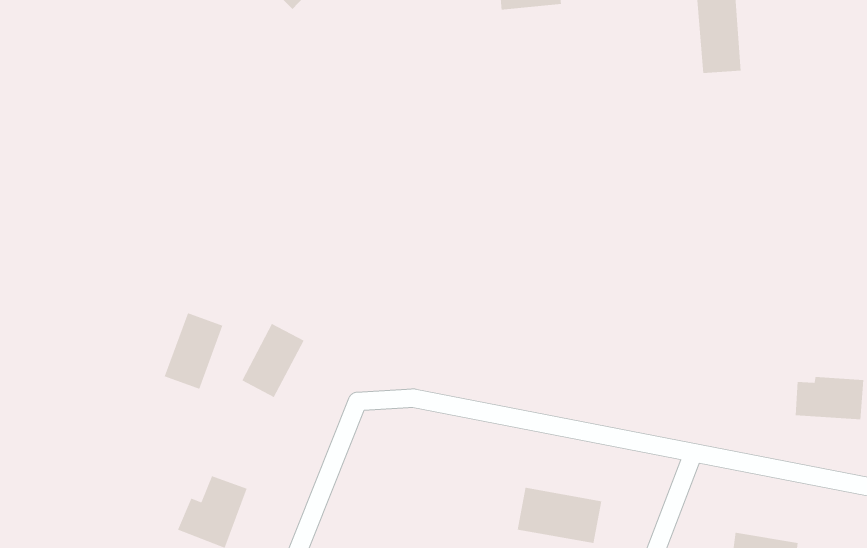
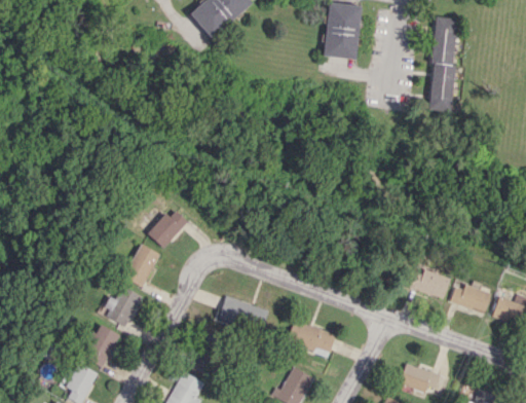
building: [164,313,223,389] -> [123,244,160,287]
building: none -> [408,269,449,298]
building: none -> [219,295,268,332]

